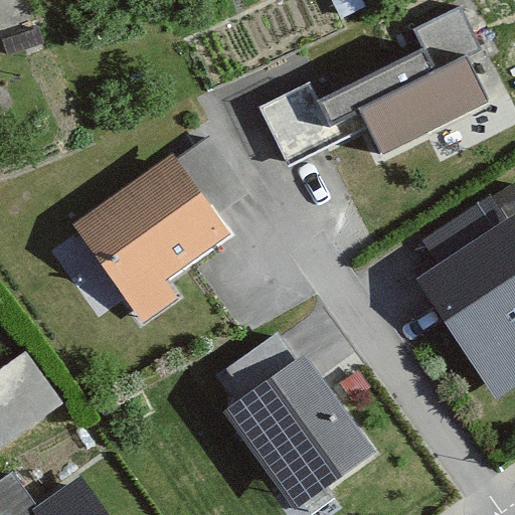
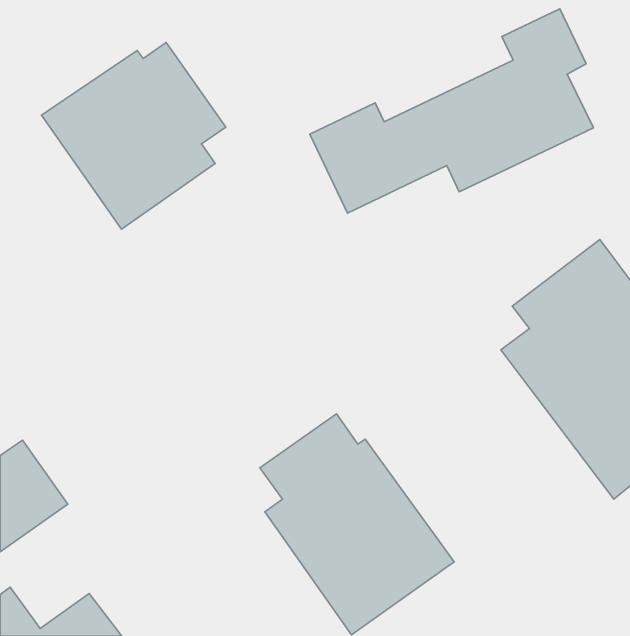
building: none -> [42,43,226,229]
building: [71,140,250,323] -> none

